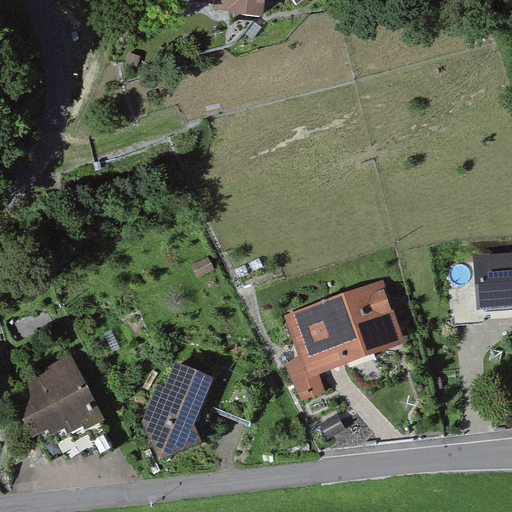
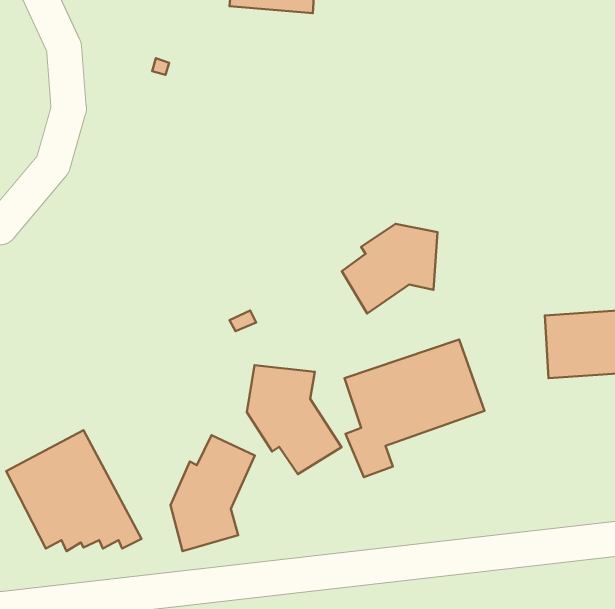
building: none -> [342,224,438,313]
building: none -> [247,365,342,474]

